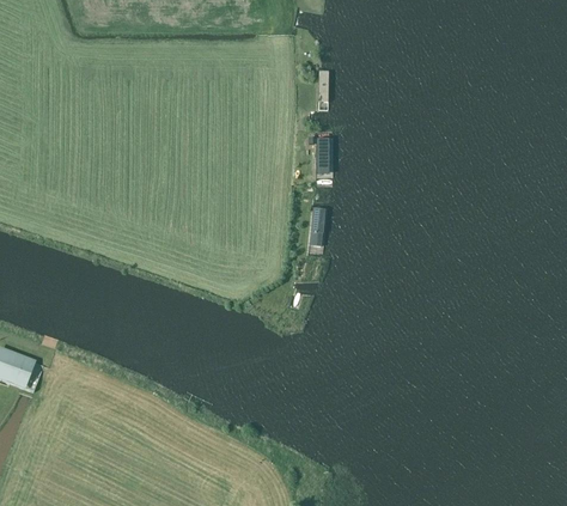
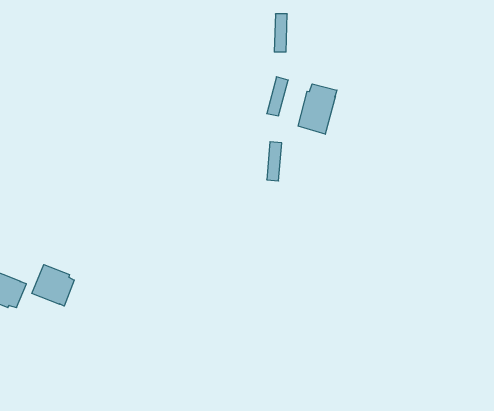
building: none -> [298,84,337,134]
building: none -> [32,265,74,306]

